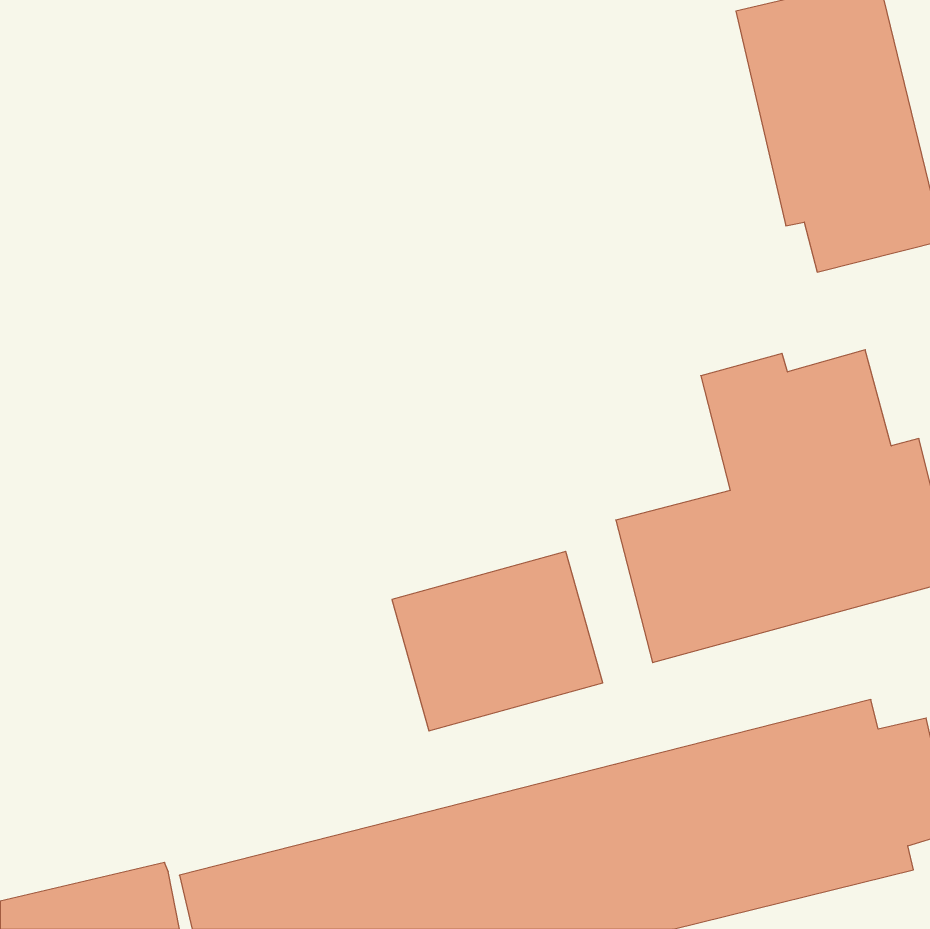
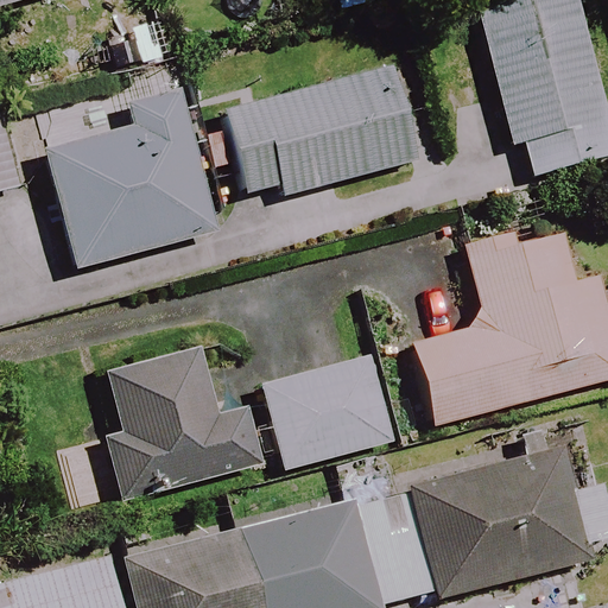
building: none -> [222,61,420,202]
building: none -> [46,86,216,268]
building: none -> [104,348,265,500]

